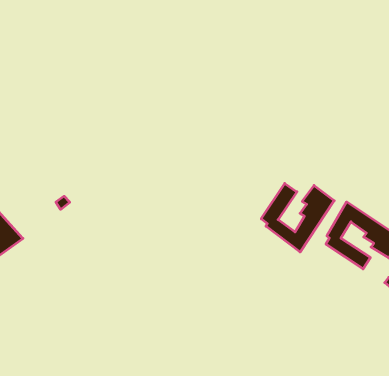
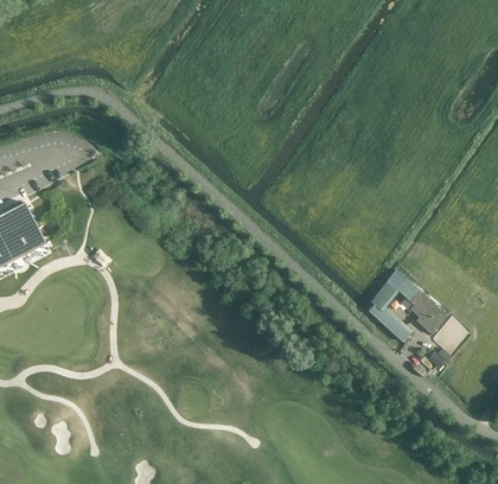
building: [261,183,334,252] -> none

